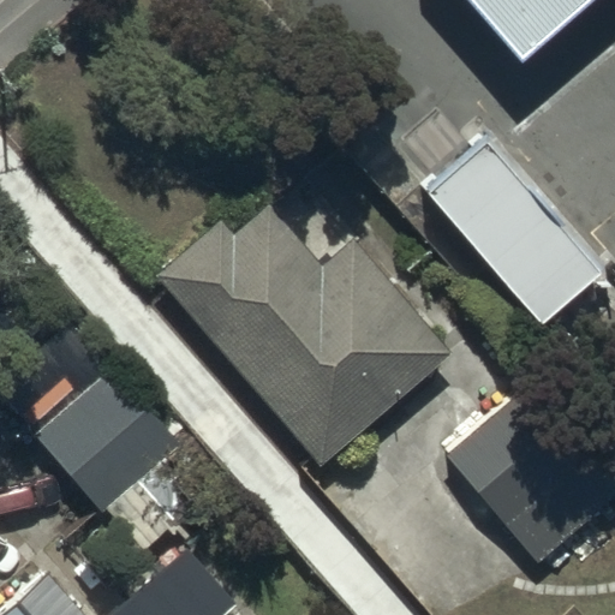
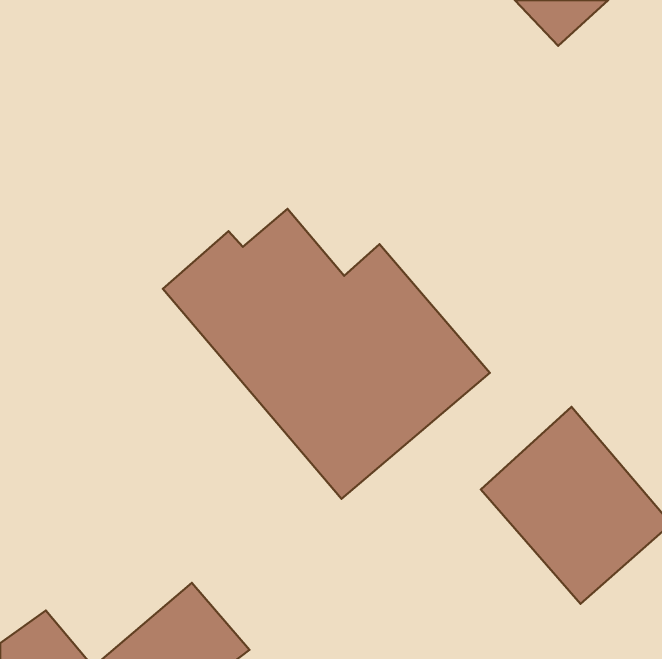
building: [424,136,599,320] -> none
building: [35,370,178,513] -> none

